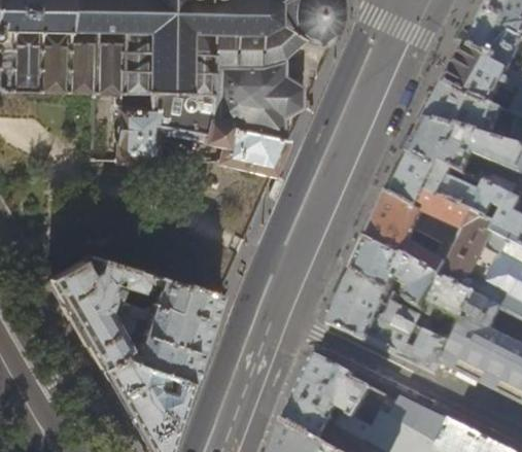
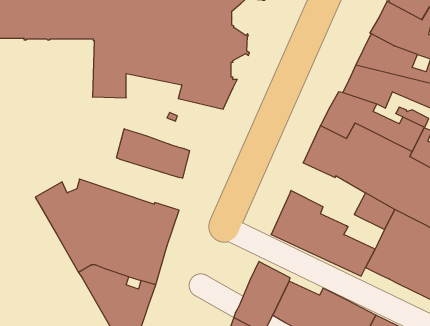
building: none -> [117,129,190,178]
building: [354,238,443,307] -> none

